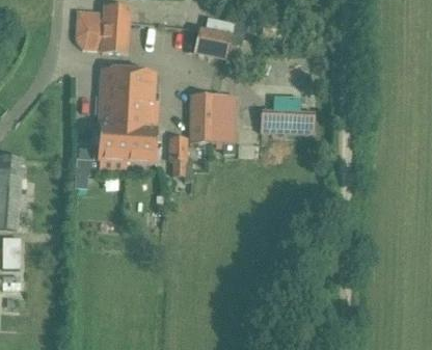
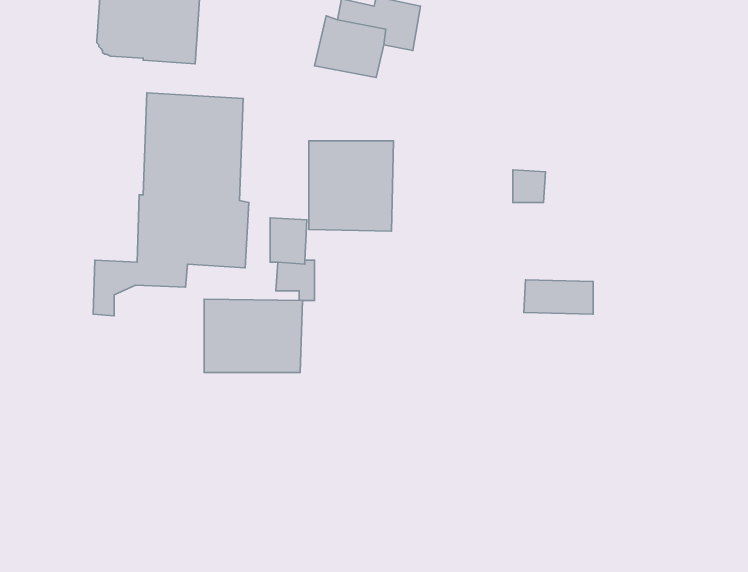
building: [263,109,300,128] -> [524,280,593,314]
building: none -> [204,299,303,373]

